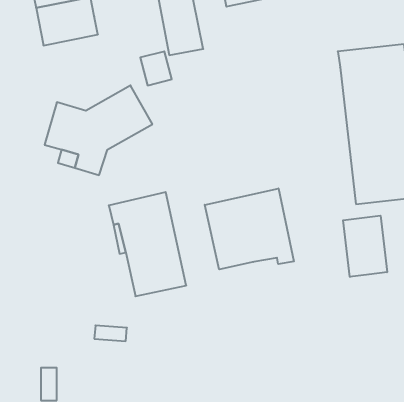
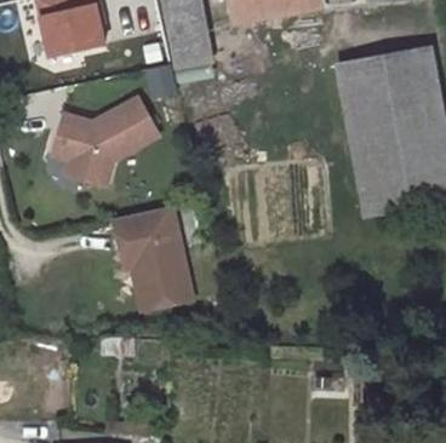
building: [205,188,294,269] -> none
building: [343,216,387,277] -> none

